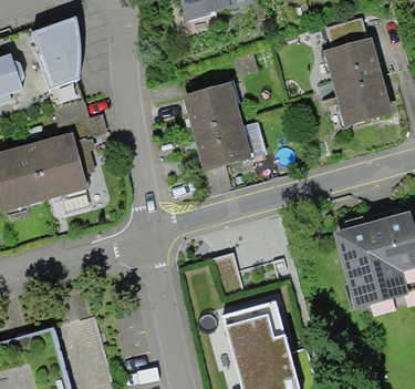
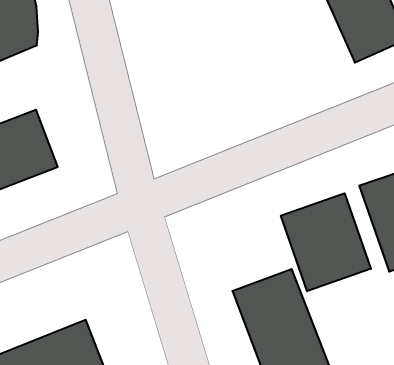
building: [187,84,255,172] -> none
building: none -> [281,193,371,291]

